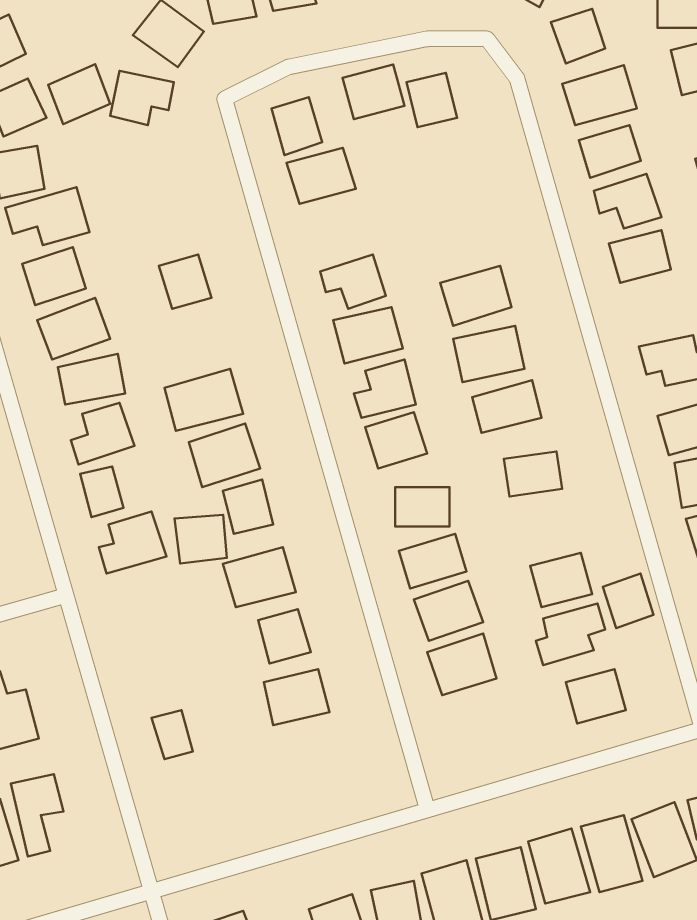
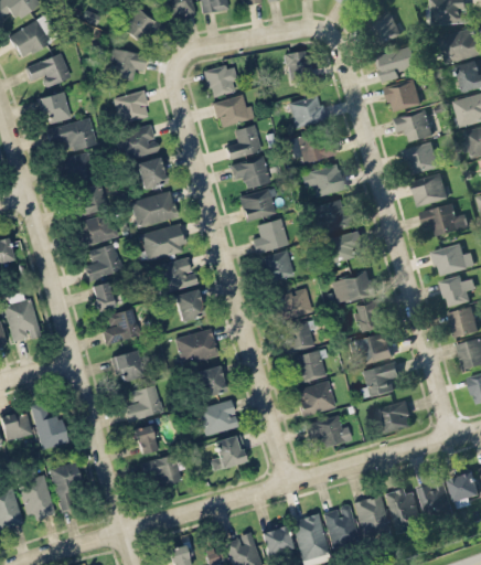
building: [48,64,110,124] -> [114,88,150,124]
building: [343,65,404,119] -> [288,95,324,127]
building: none -> [115,125,158,161]
building: none -> [226,125,261,159]
building: none -> [291,131,334,163]
building: none -> [409,172,447,206]
building: none -> [131,191,178,227]
building: [174,515,227,564] -> [113,352,143,381]
building: [603,574,654,628] -> [353,300,383,332]
building: none -> [124,385,162,422]
building: none -> [306,414,350,447]
building: none -> [209,434,247,470]
building: none -> [141,452,185,487]

